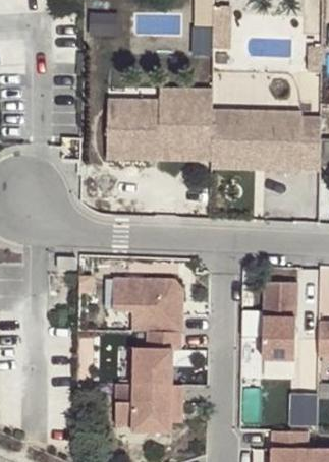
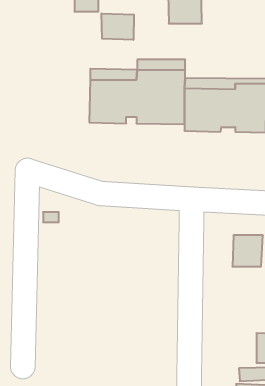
building: none -> [101,13,134,40]
building: [110,280,181,333] -> none
building: [259,324,292,362] -> none
building: [124,348,173,432] -> none

